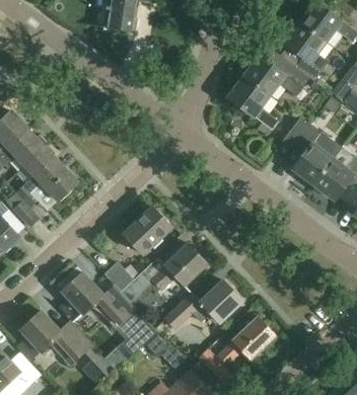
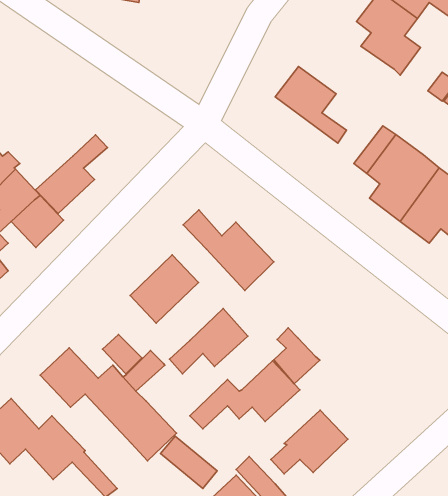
building: [242,55,309,97] -> none
building: none -> [35,135,107,214]
building: none -> [183,210,274,291]
building: none -> [274,328,320,384]

